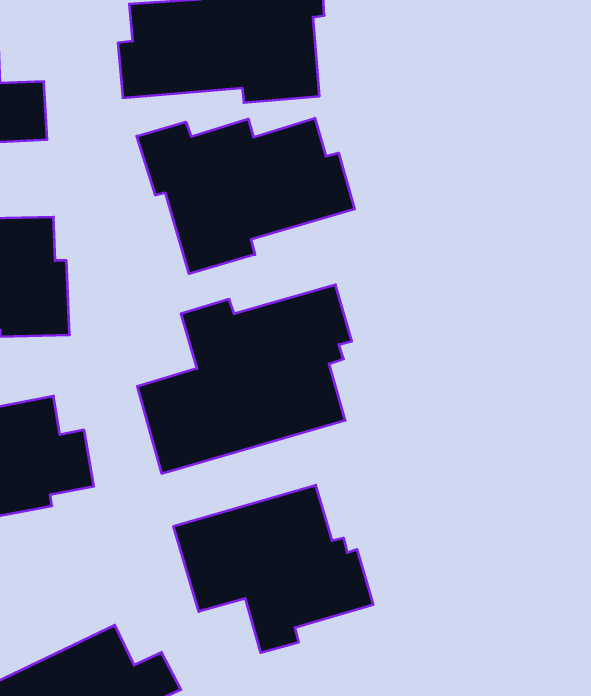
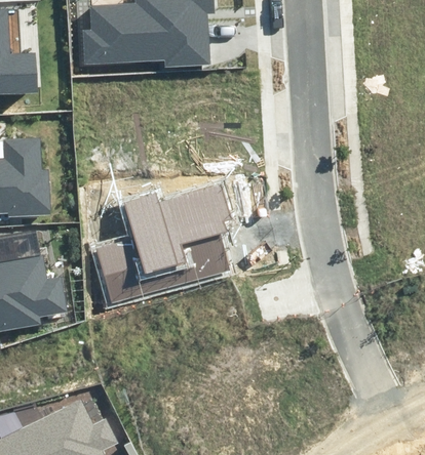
building: [137,118,355,274] -> none
building: [174,485,373,653] -> none

